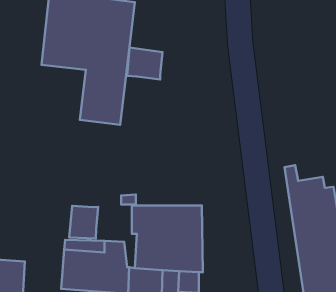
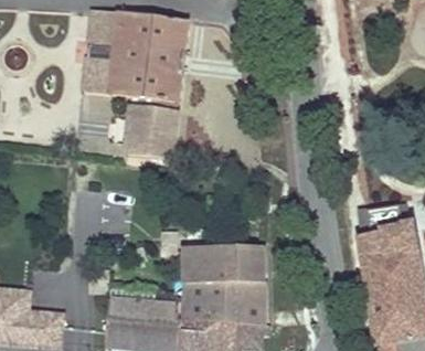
building: [127,48,162,80] -> none
building: [69,206,98,238] -> none

